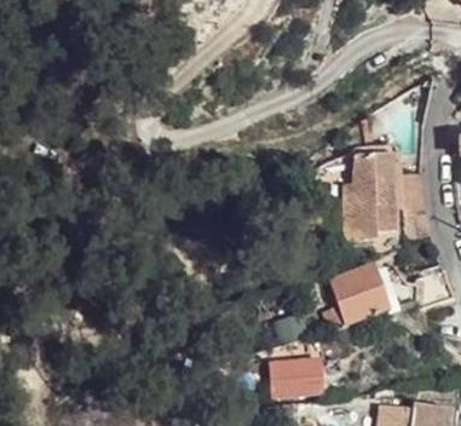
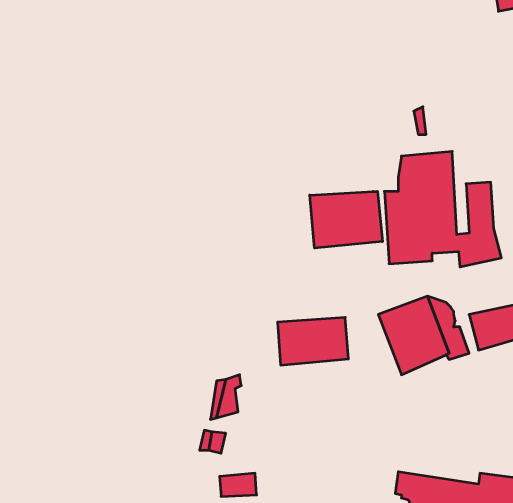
building: none -> [310,191,382,248]
building: [264,355,319,392] -> [278,317,348,365]

